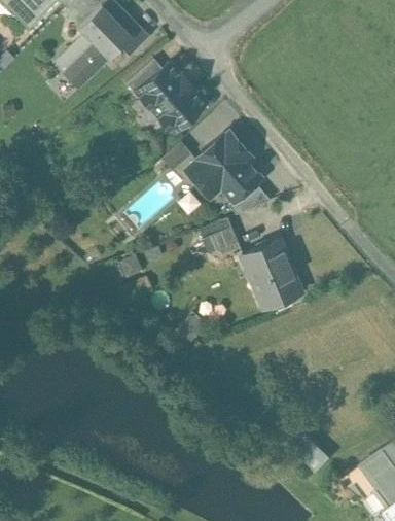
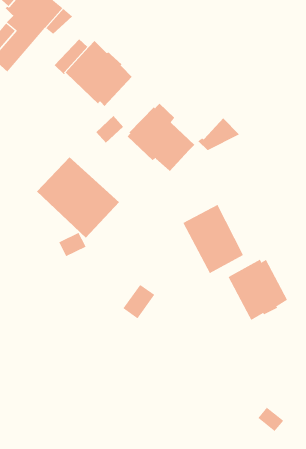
building: none -> [36,156,120,239]
building: [226,182,270,214] -> [198,118,240,151]
building: [201,225,237,253] -> none
building: none -> [228,259,288,321]

